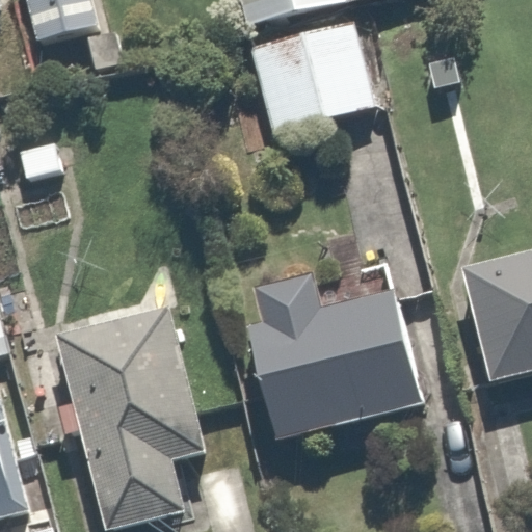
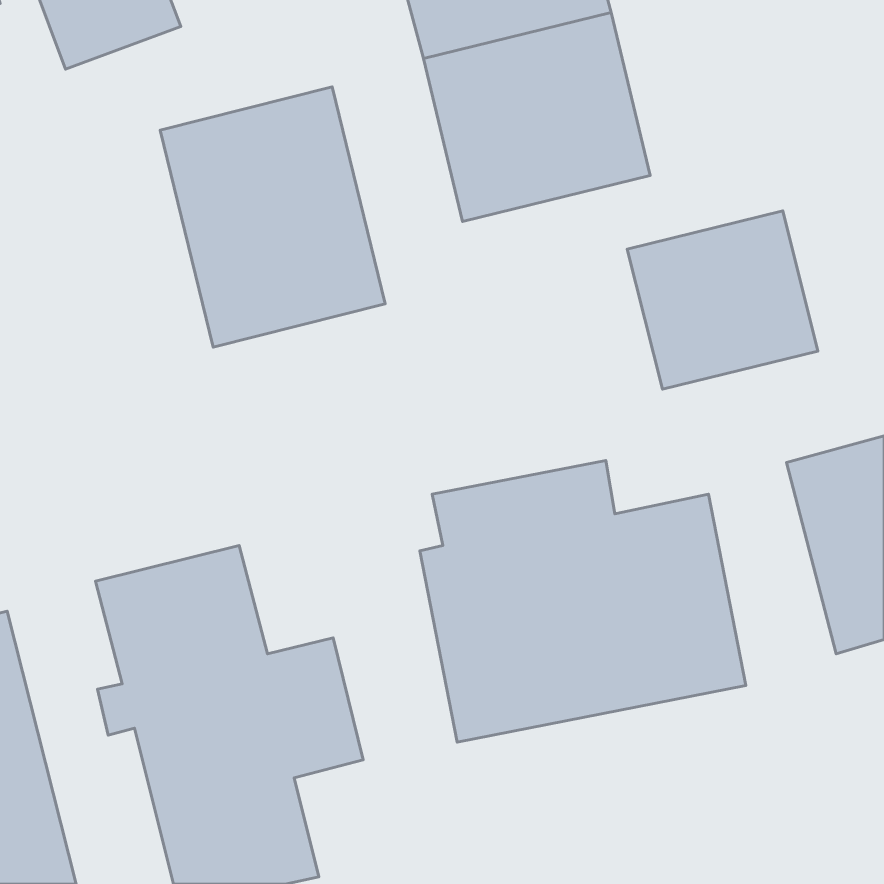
building: none -> [160,87,385,347]
building: none -> [627,211,818,389]

